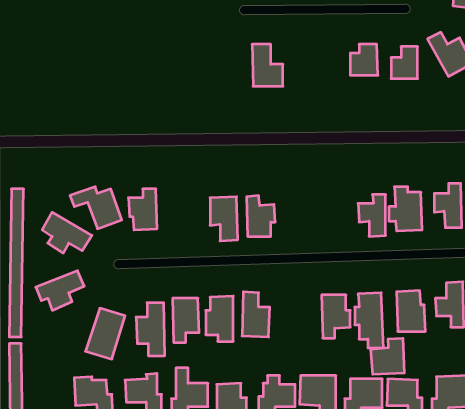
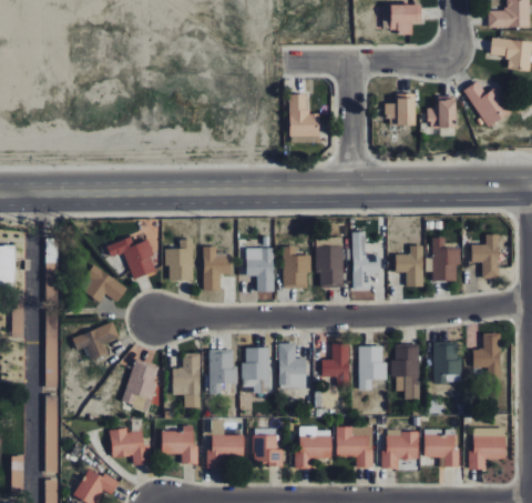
building: none -> [351,232,379,290]
building: none -> [316,238,344,288]
building: none -> [202,248,232,290]
building: none -> [321,343,350,383]
building: [371,338,404,374] -> none

